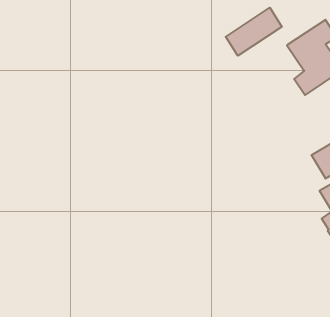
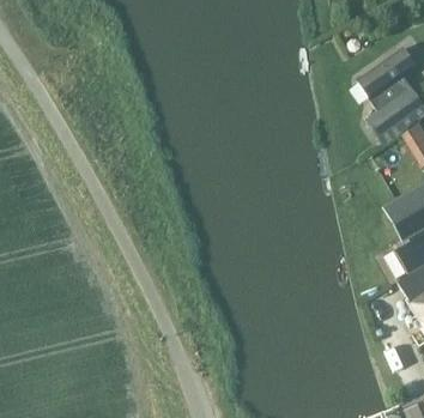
building: [226,8,282,56] -> none

